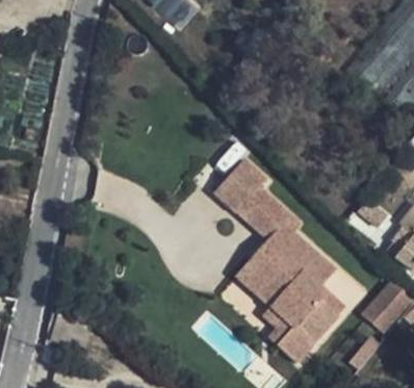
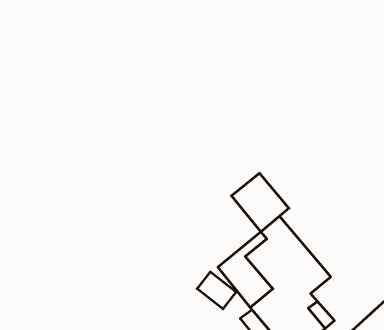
building: [217,158,269,211] -> none

